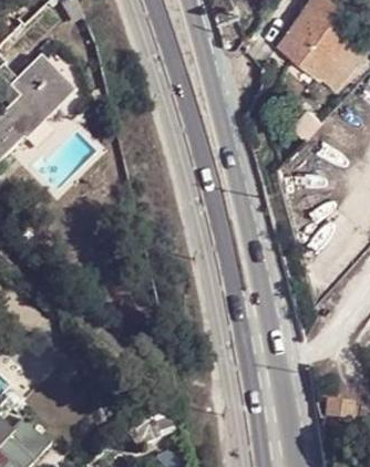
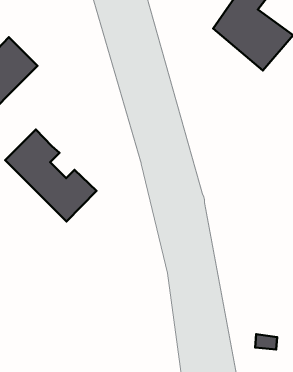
building: none -> [5,129,96,221]

